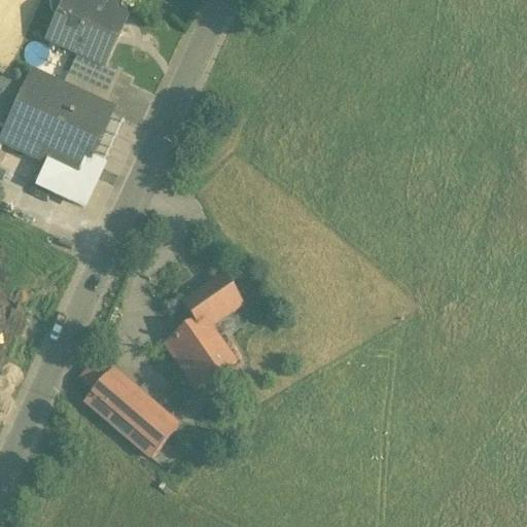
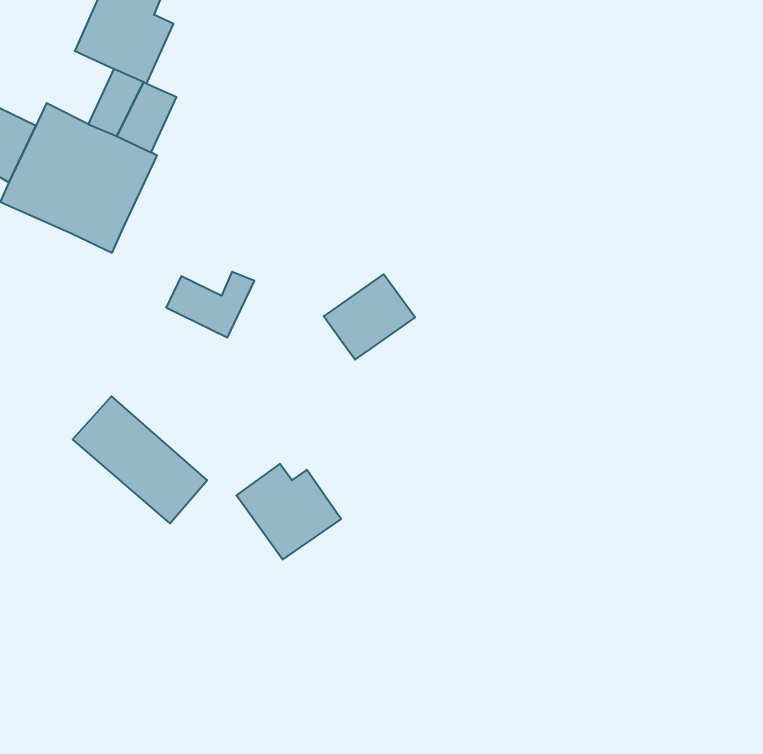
building: [39,157,100,203] -> [166,272,254,338]
building: [179,272,242,330] -> [324,274,415,360]
building: [84,368,177,456] -> [73,396,207,523]

